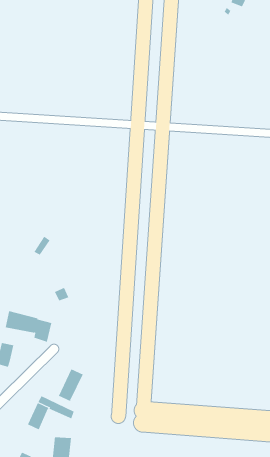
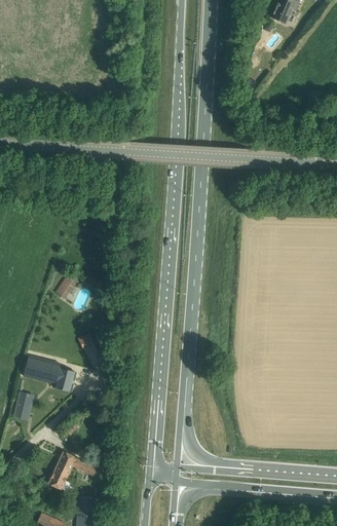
building: [58,369,83,402] -> none

